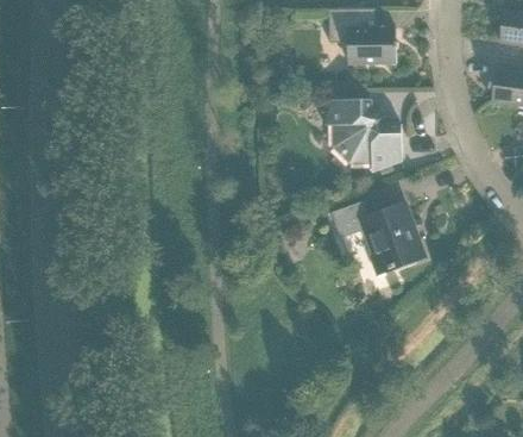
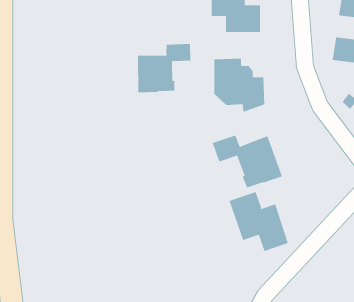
building: none -> [137,43,191,93]
building: none -> [229,191,288,252]

